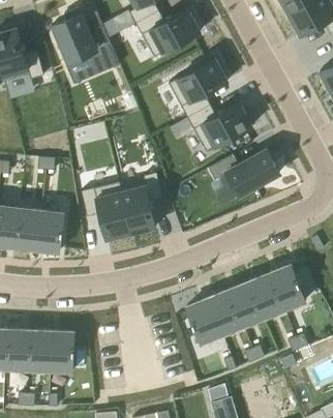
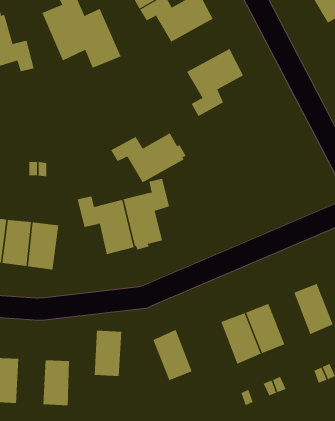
building: [186,102,253,147] -> [110,132,187,183]
building: [225,149,279,196] -> none
building: [248,272,284,318] -> none
building: [185,298,220,344] -> [153,329,193,381]
building: [27,330,52,370] -> [94,330,122,376]

